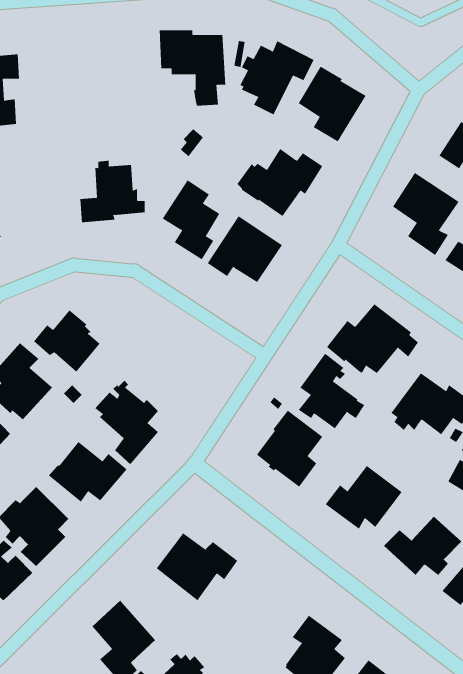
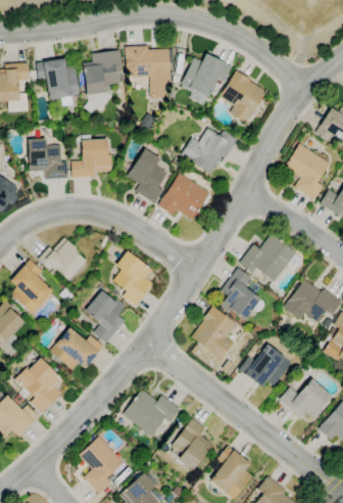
building: none -> [83,50,122,116]
building: none -> [37,58,80,106]
building: none -> [28,139,68,179]
building: none -> [114,250,153,305]
building: none -> [168,418,213,470]

